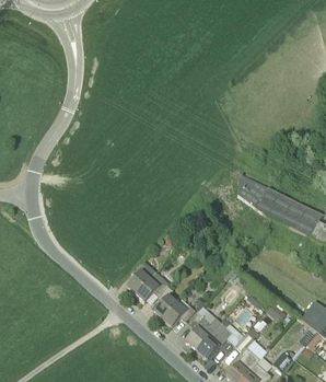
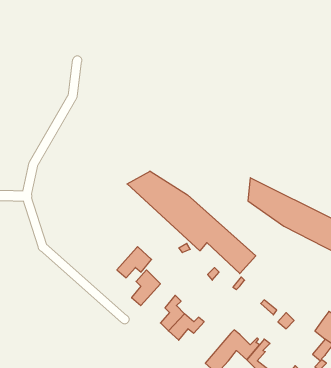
building: none -> [127,171,256,274]
building: [137,273,170,302] -> [117,247,152,278]
building: [187,311,222,349] -> none

